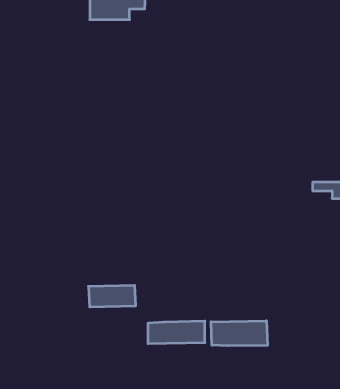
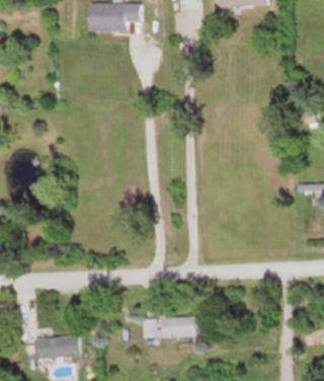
building: [88,285,136,307] -> [33,336,78,357]
building: [211,321,267,346] -> none

